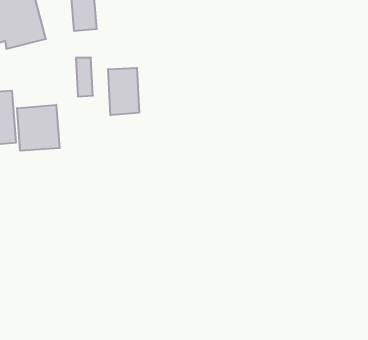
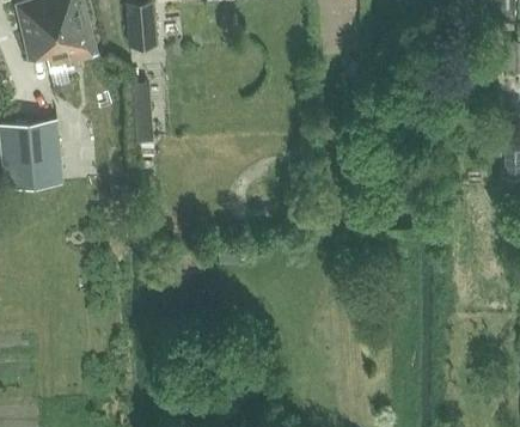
building: [108,68,139,115] -> none
building: [17,105,60,151] -> none

